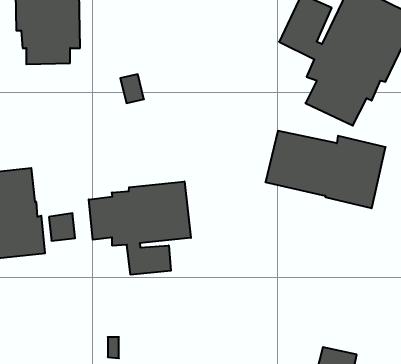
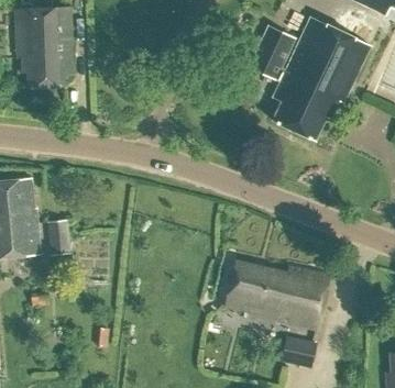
building: [265,131,386,208] -> [222,262,328,330]
building: [89,181,191,275] -> none

